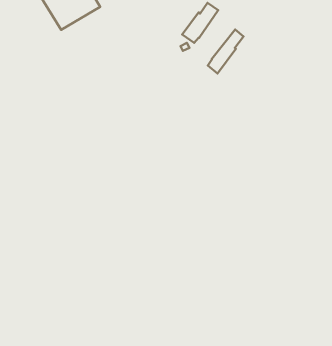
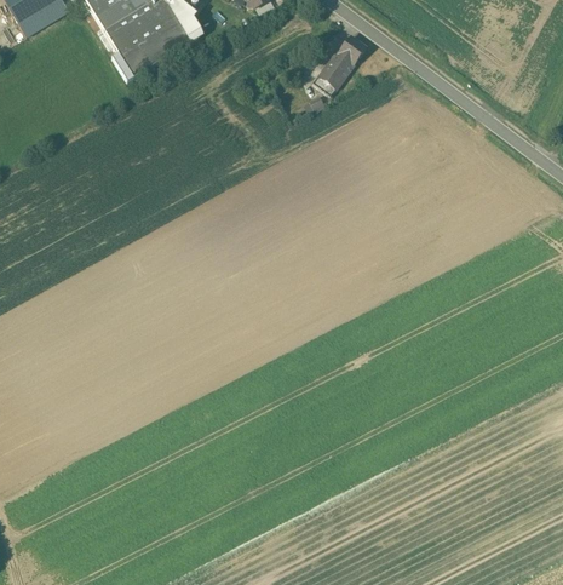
building: [208,29,244,74] -> none

